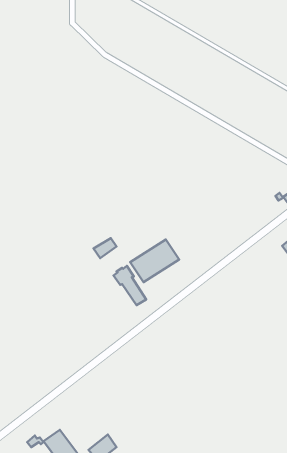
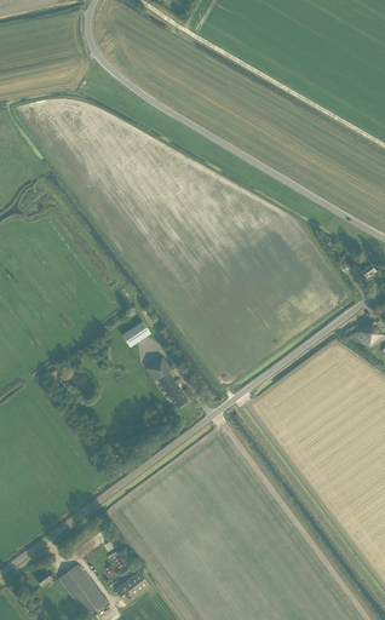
building: [130,240,179,282] -> none

